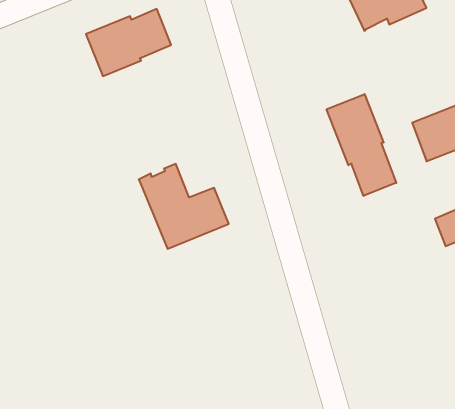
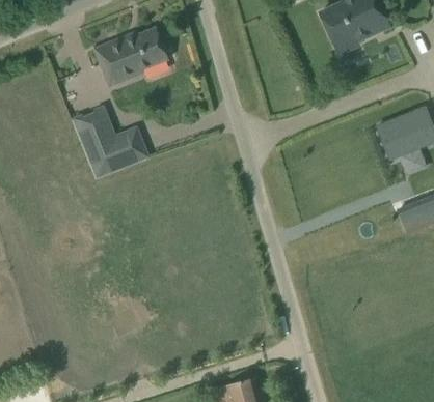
building: [327,94,396,196] -> none
building: [139,164,229,249] -> [72,106,150,179]

